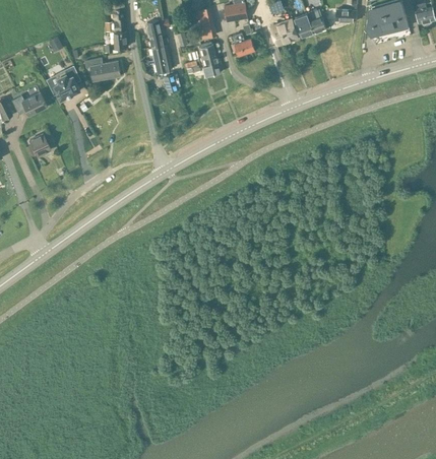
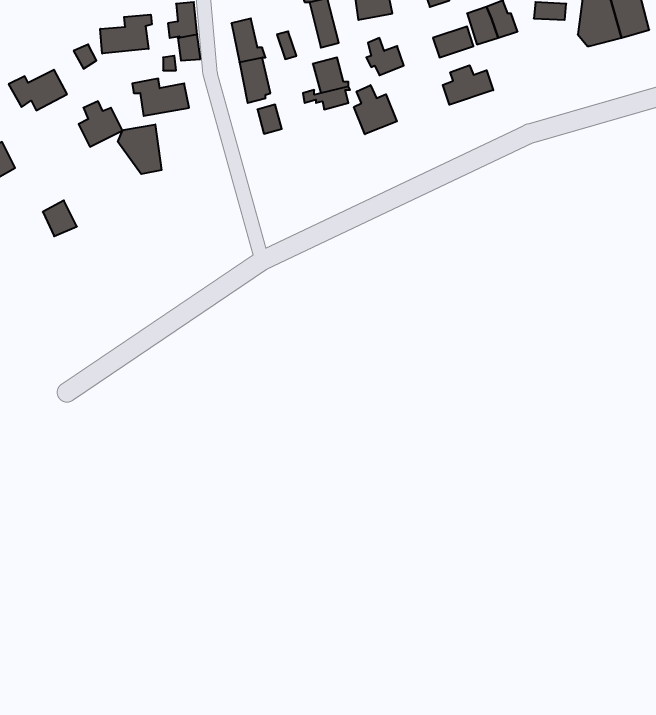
building: none -> [100,15,152,54]
building: none -> [443,65,493,105]
building: none -> [354,85,397,134]
building: none -> [118,124,162,174]
building: [10,90,47,116] -> [9,70,67,110]

